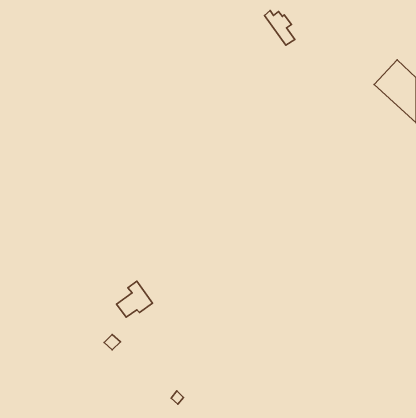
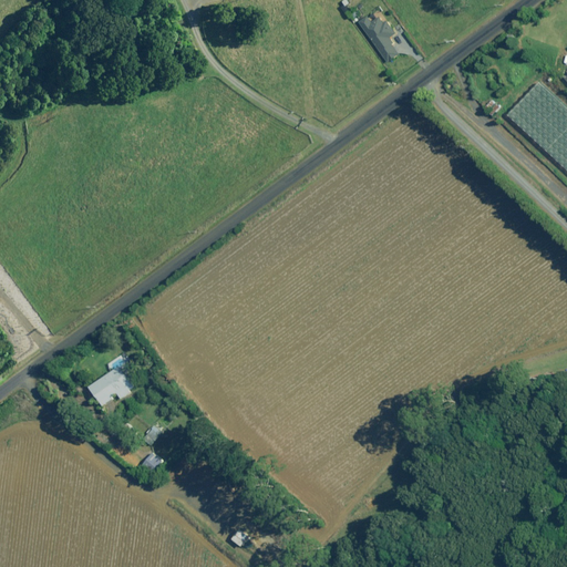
building: [116,281,152,317] -> [90,355,138,404]

